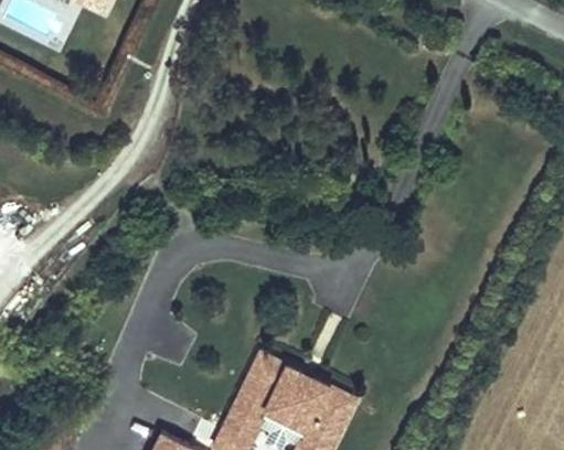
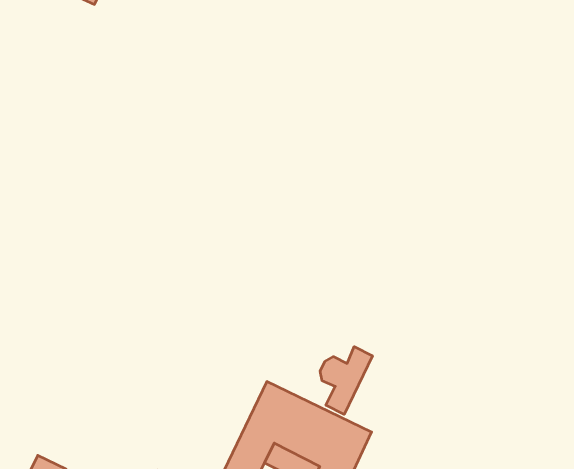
building: none -> [320,347,372,414]

